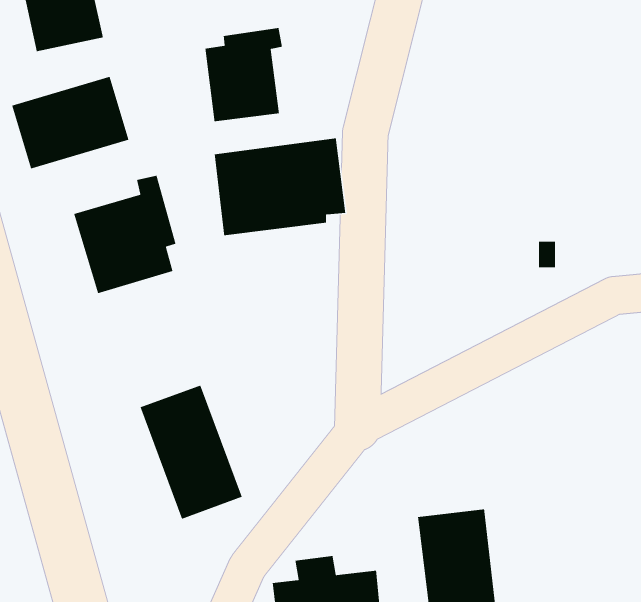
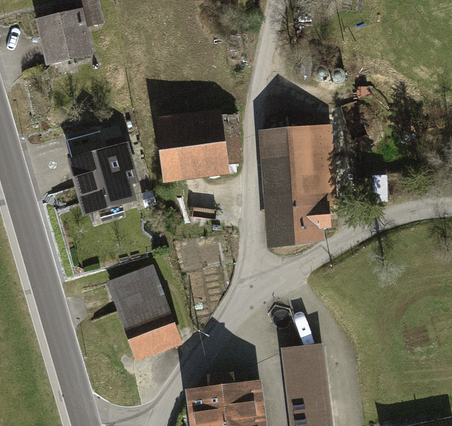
building: [204,27,283,122] -> none
building: [11,76,129,170] -> none
building: none -> [263,129,332,245]

